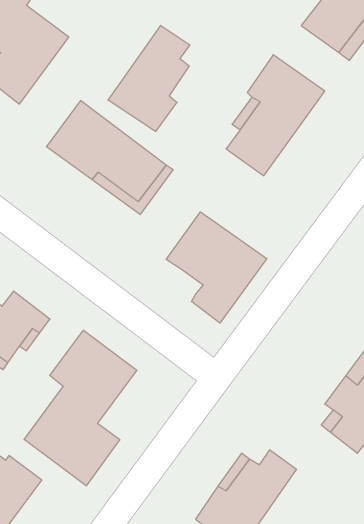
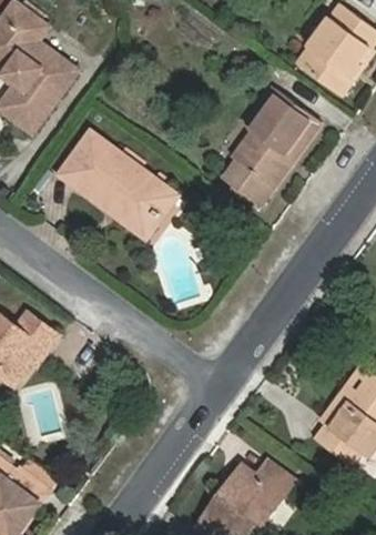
building: [108,25,190,131] -> none
building: [166,212,267,323] -> none
building: [24,330,137,486] -> none

